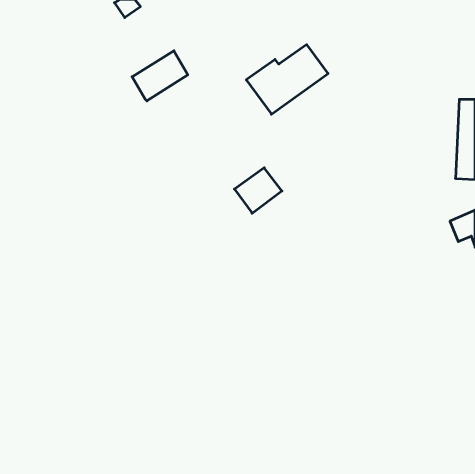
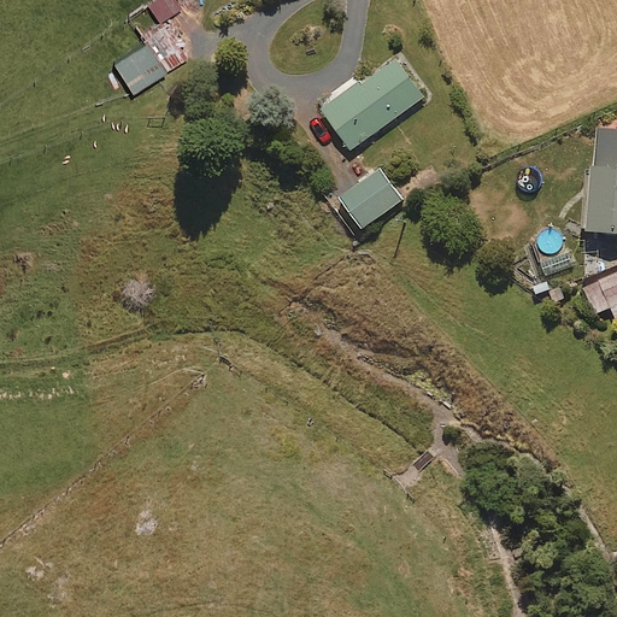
building: [132,51,188,101] -> [114,30,187,95]
building: [234,168,282,213] -> [340,169,401,228]

